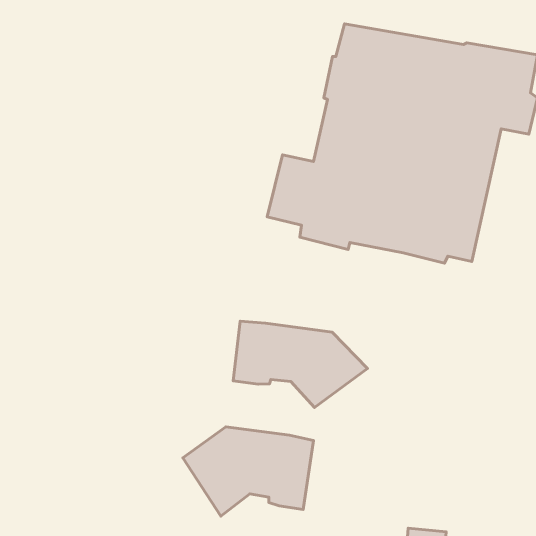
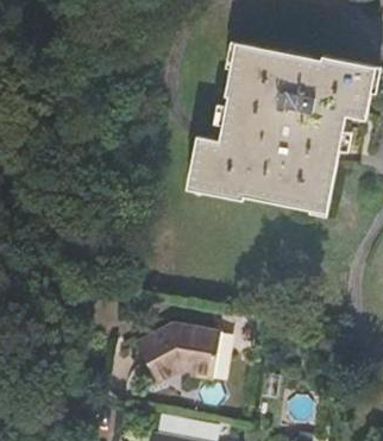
building: [233,321,368,408] -> none

